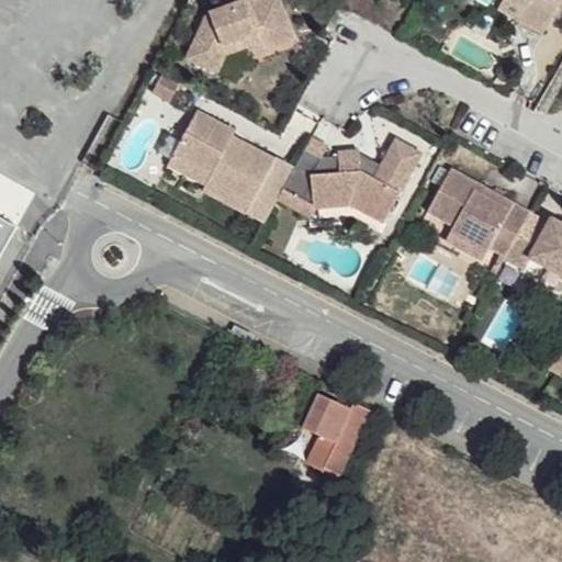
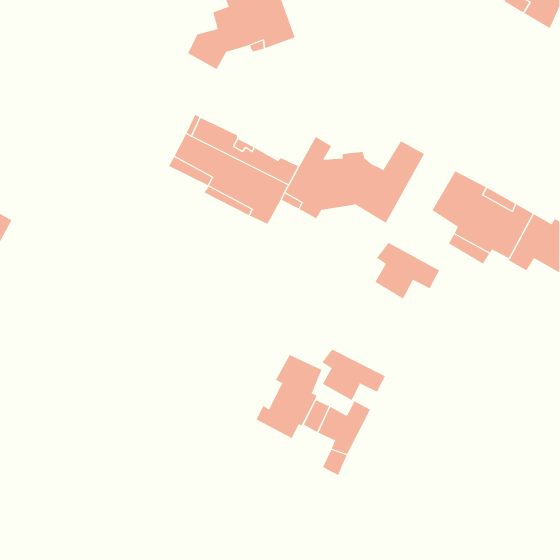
building: none -> [374,242,440,300]
building: none -> [322,349,385,401]
building: none -> [256,354,322,439]

